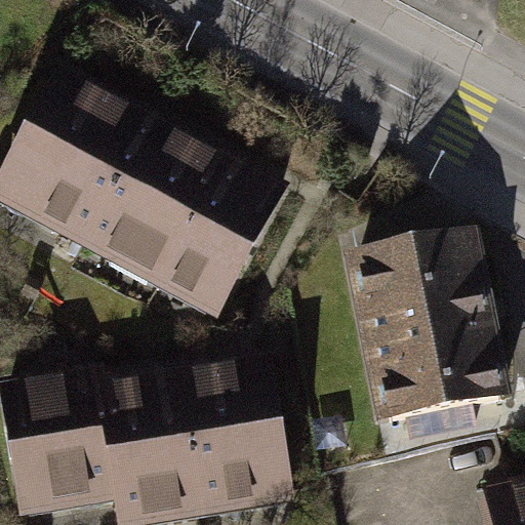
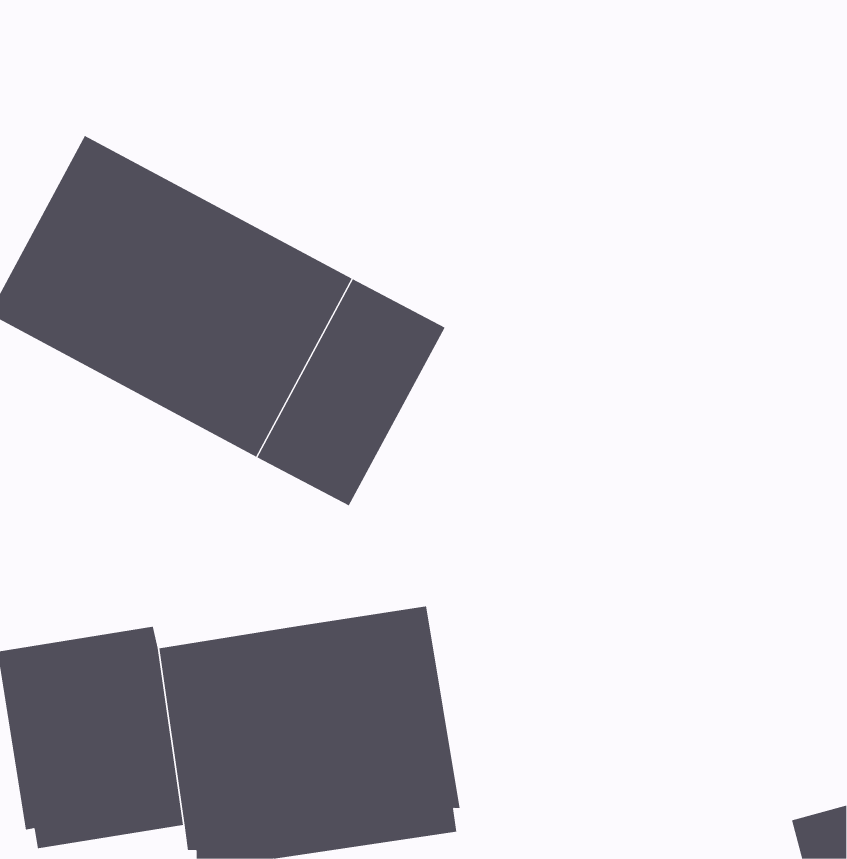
building: [352,235,493,419] -> none

